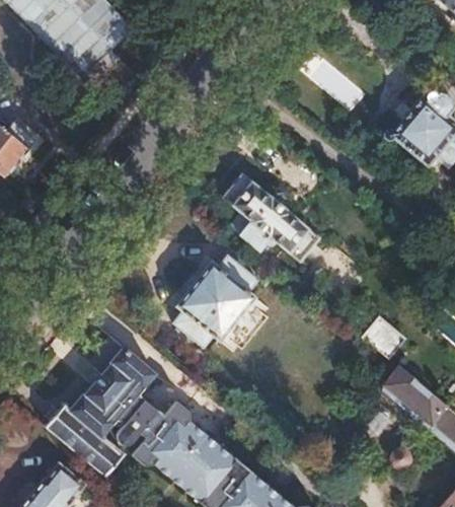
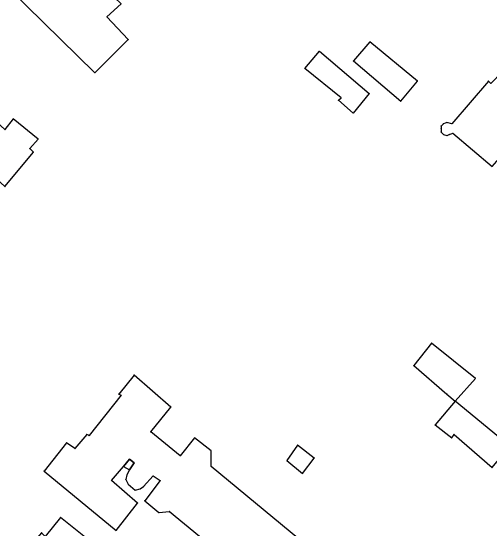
building: none -> [305,51,369,113]
building: [223,172,321,262] -> none
building: [171,255,257,348] -> none

